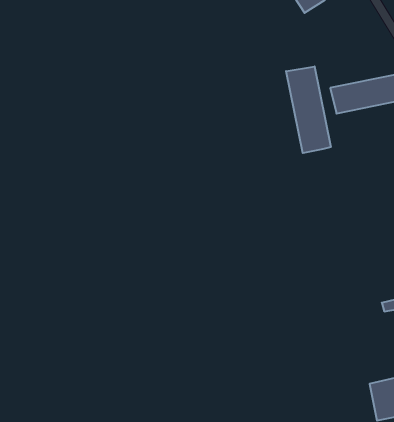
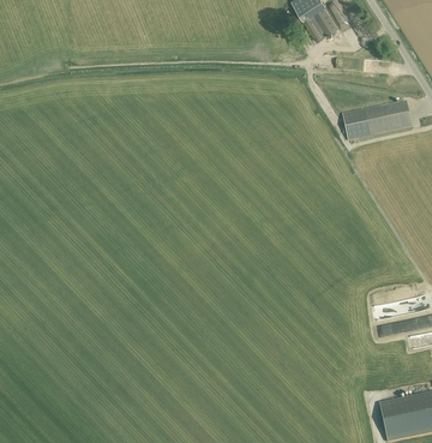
building: [286,66,331,153] -> none

